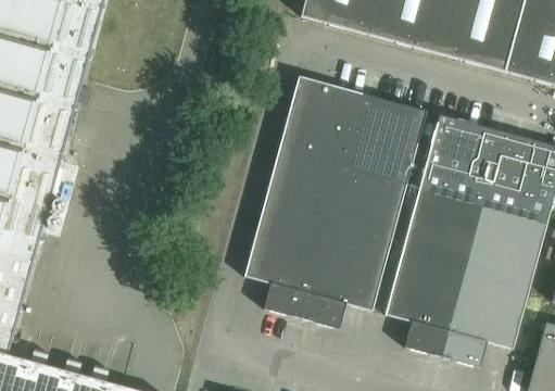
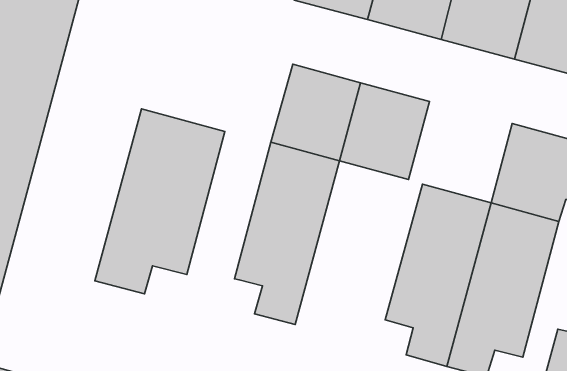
building: [419,114,503,205] -> none
building: none -> [95,109,225,294]
building: [301,166,406,329] -> none

